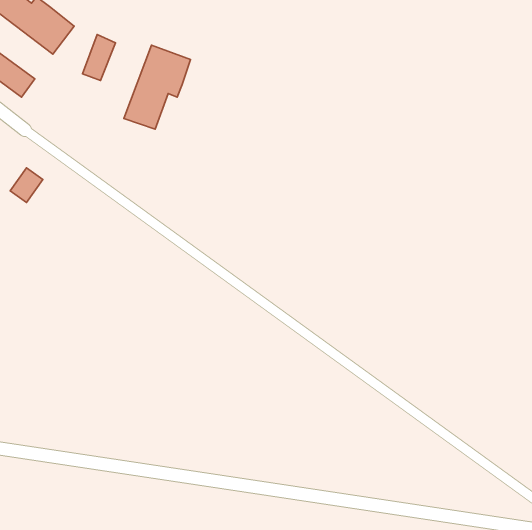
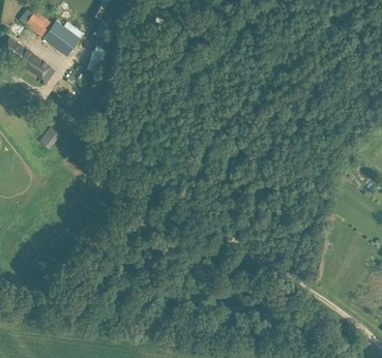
building: [124,45,191,129] -> none

